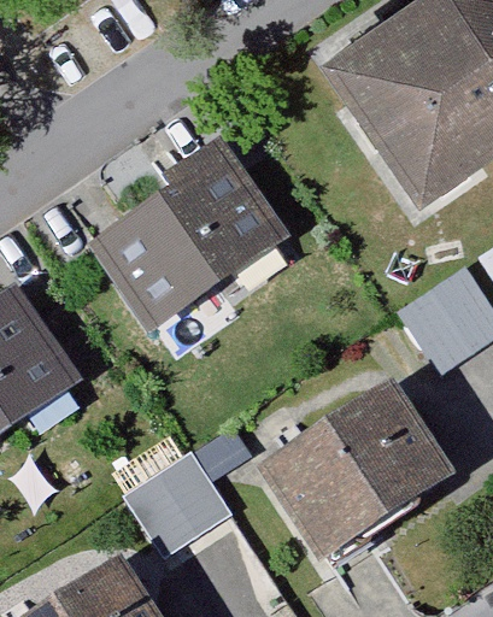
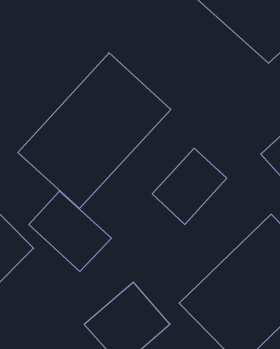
building: none -> [152,148,227,225]
building: none -> [29,191,111,272]

